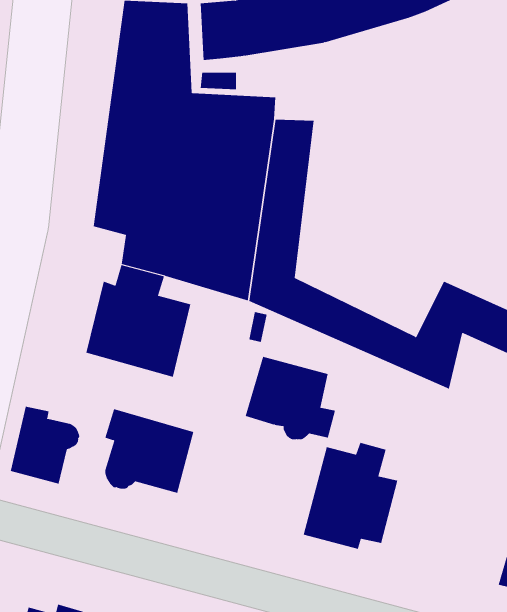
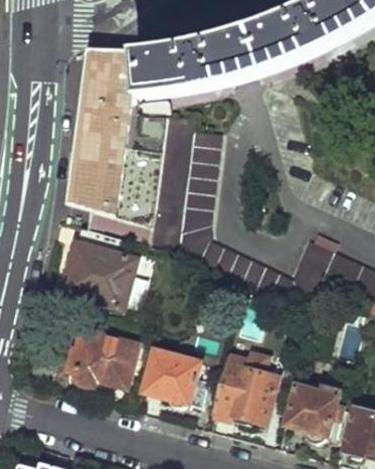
building: [245,356,336,440] -> [141,348,203,406]
building: [10,406,80,484] -> none
building: none -> [286,377,344,439]

